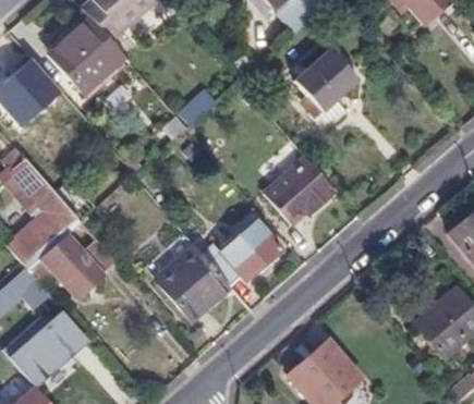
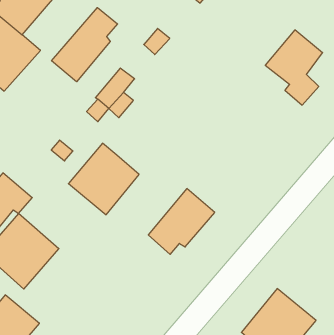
building: none -> [52,8,118,82]
building: [296,51,356,128] -> [265,30,323,105]
building: [265,155,337,223] -> none
building: [156,248,229,321] -> [68,143,139,215]

